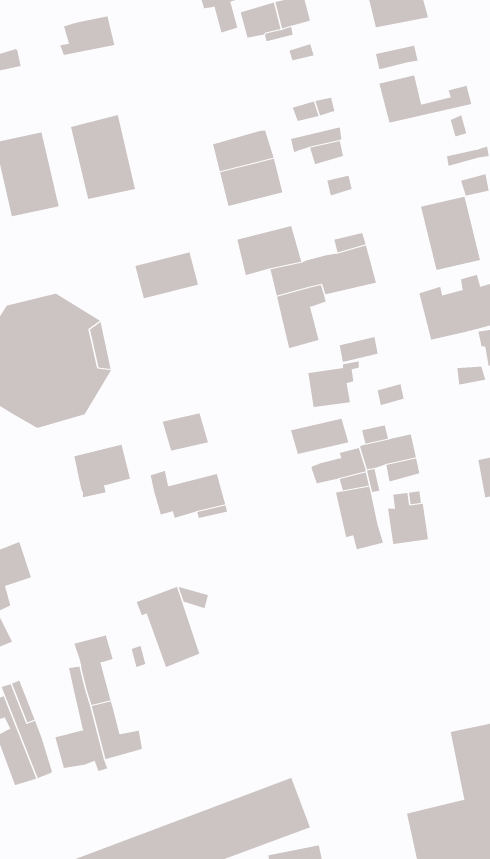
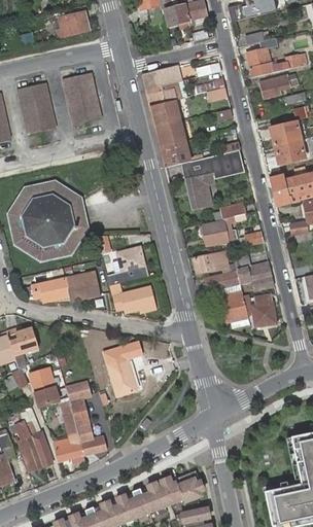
building: none -> [146,67,175,89]
building: none -> [259,75,289,98]
building: [135,252,199,299] -> [155,118,194,146]
building: none -> [29,275,68,301]
building: none -> [28,366,58,405]

